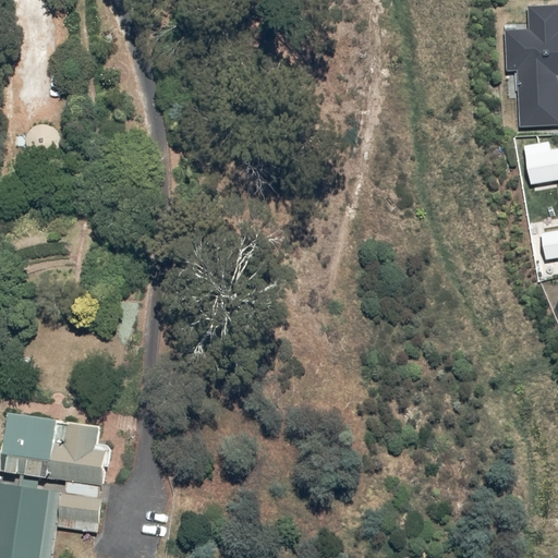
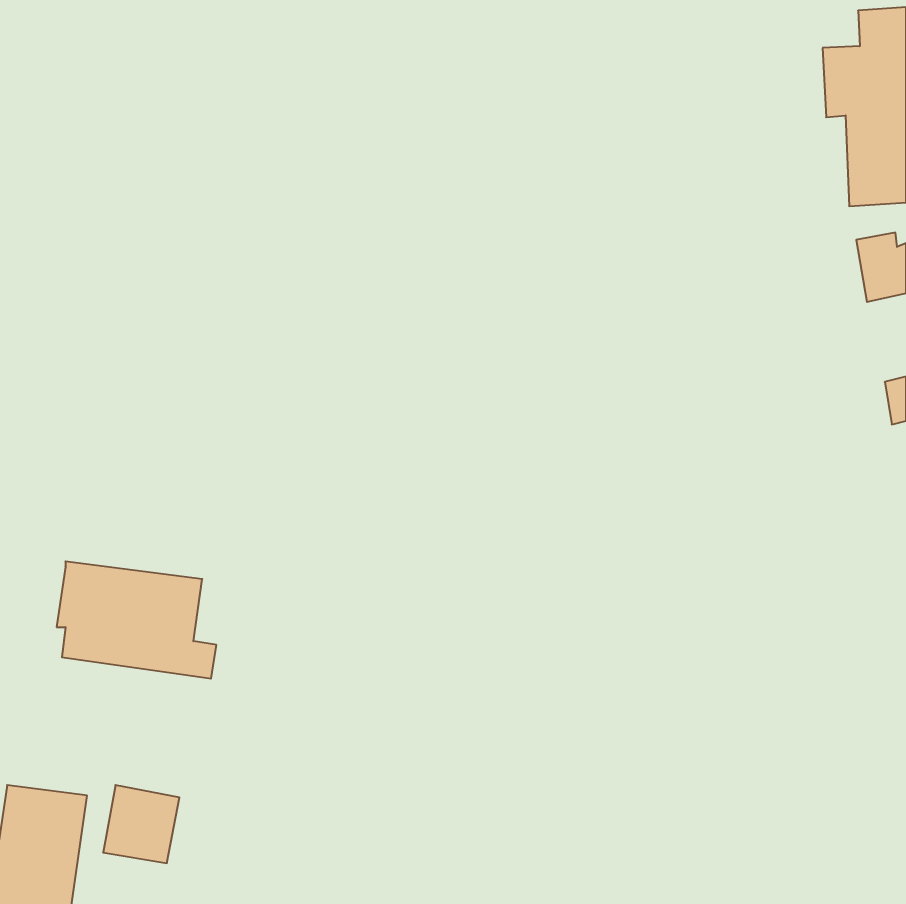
building: [13,411,111,483] -> [57,561,216,679]

